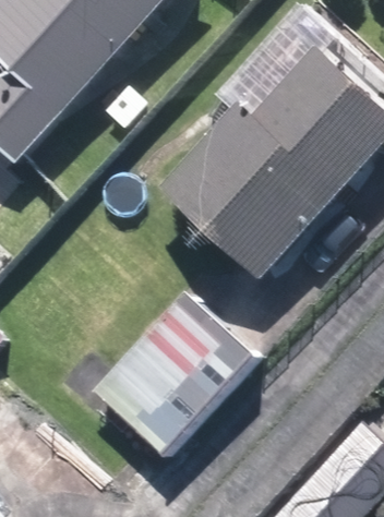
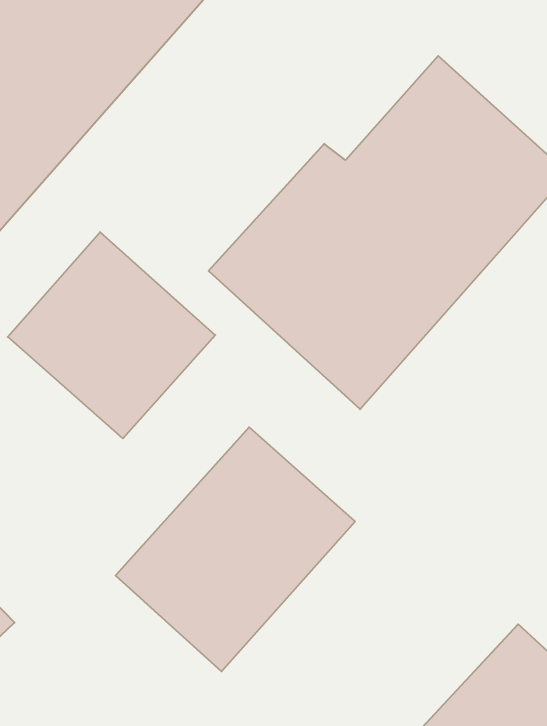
building: none -> [8,232,215,438]

